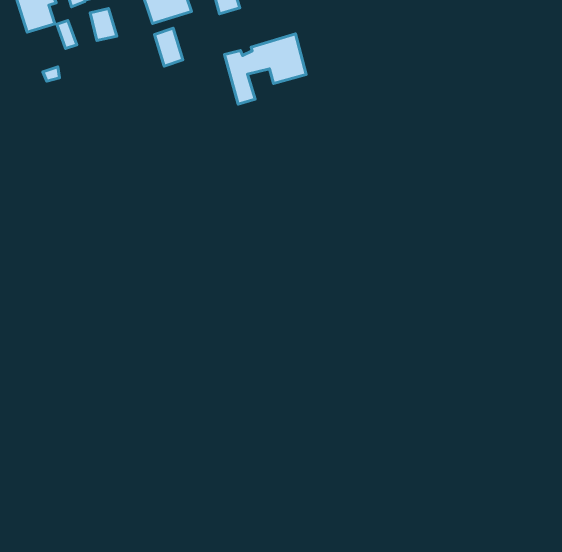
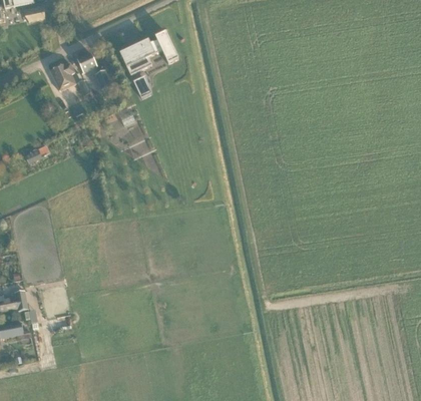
building: [225,34,306,104] -> none

